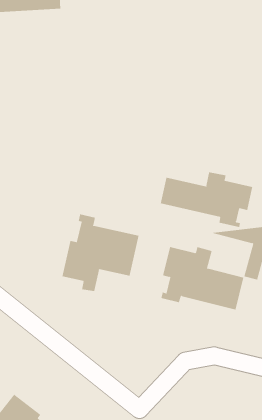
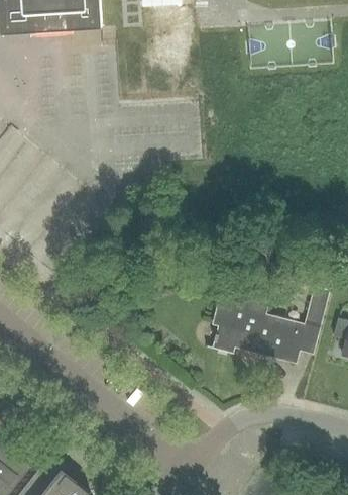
building: [160,171,253,228] -> none
building: [62,213,139,292] -> none

